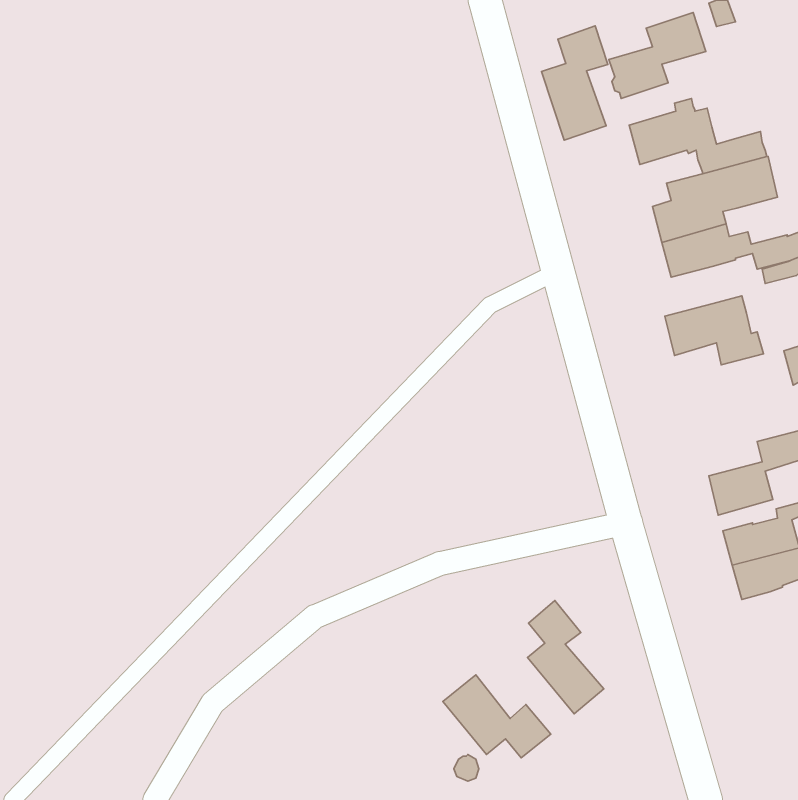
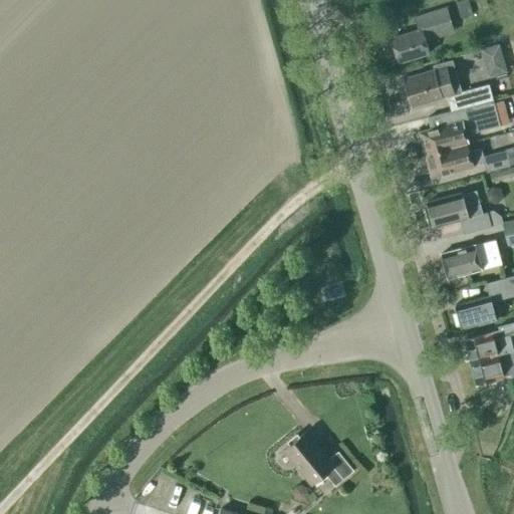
building: [541,26,608,140] -> none
building: none -> [481,43,508,77]
building: none -> [442,240,502,278]
building: [528,601,604,714] -> none

